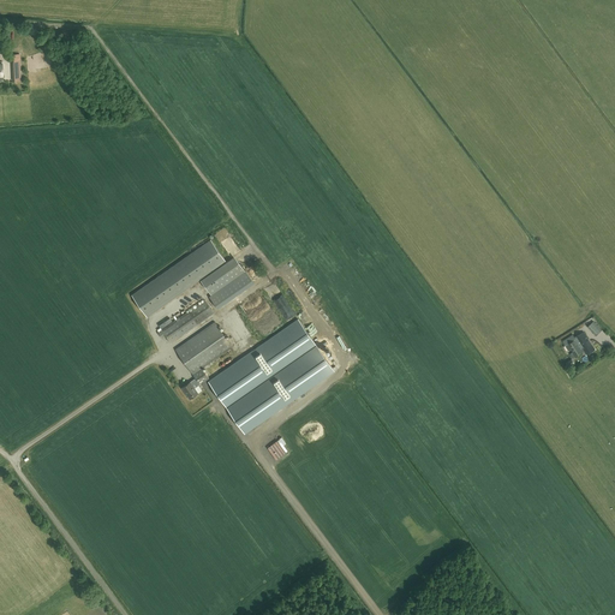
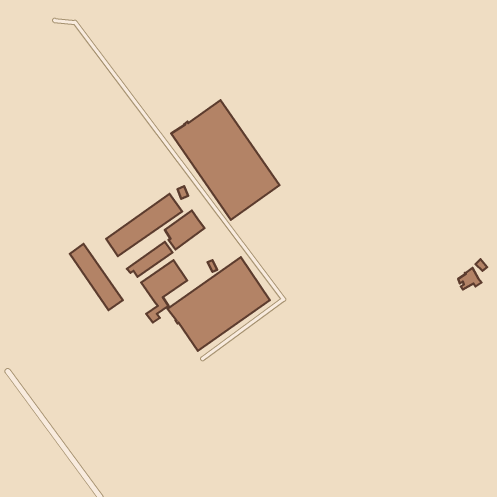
building: none -> [171,100,280,220]
building: none -> [70,244,123,310]

